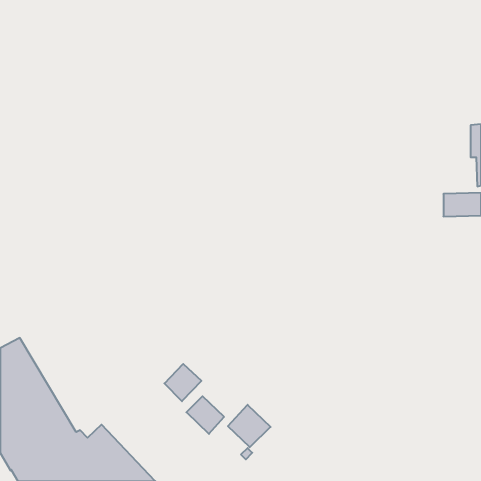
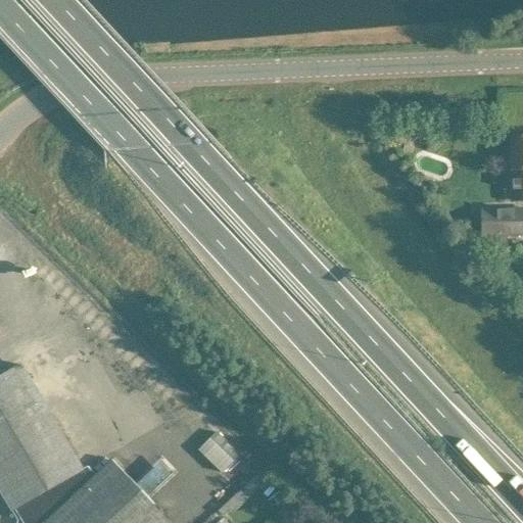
building: [164,364,201,401] -> none
building: [228,405,271,447] -> none

